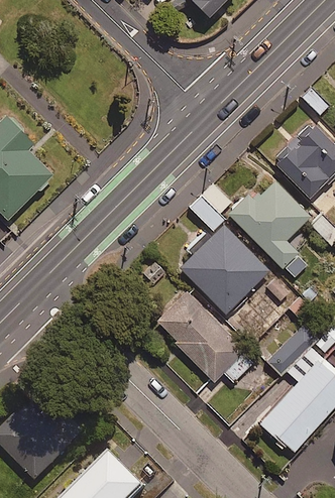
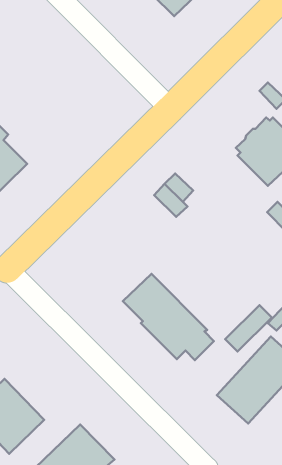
building: [229,181,313,279] -> none
building: [181,226,271,317] -> none

